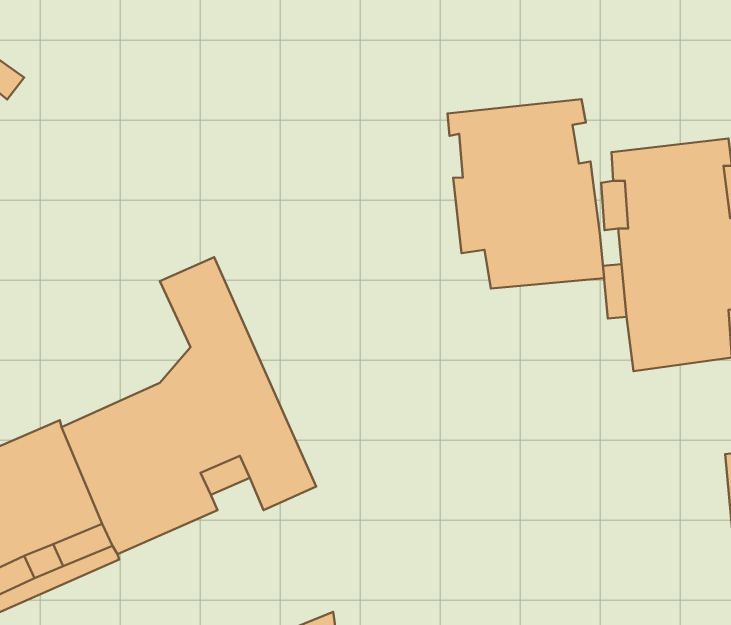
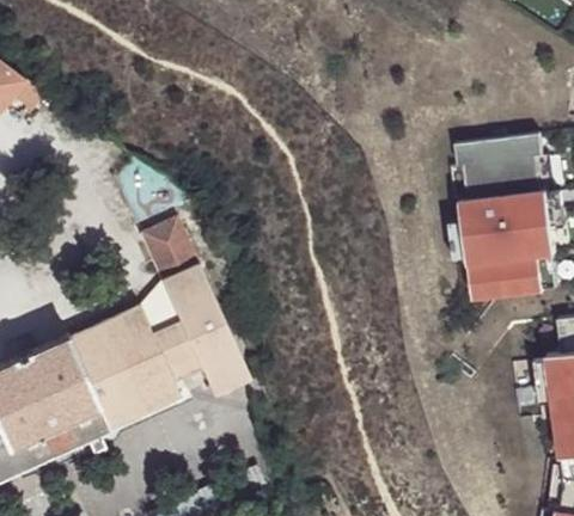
building: [448,99,604,289] -> none

